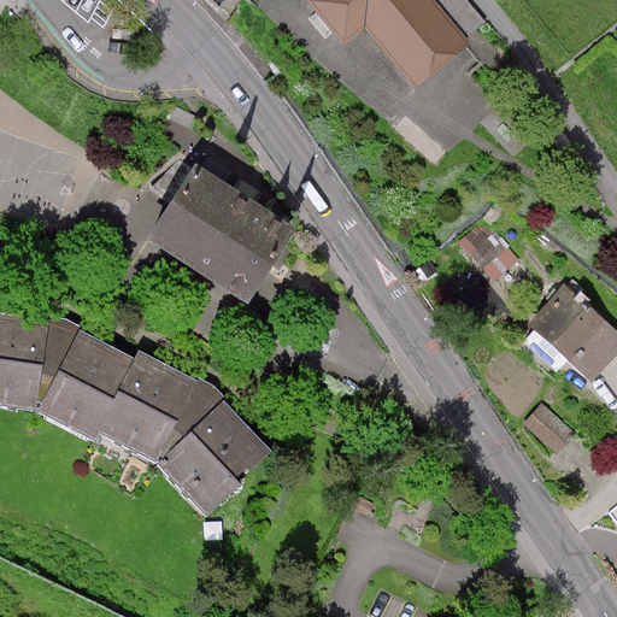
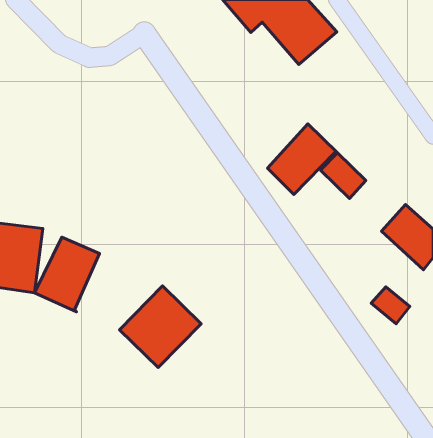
building: [134,168,284,307] -> none
building: none -> [267,124,338,194]
building: [48,321,87,411] -> none
building: [105,355,228,463] -> none

